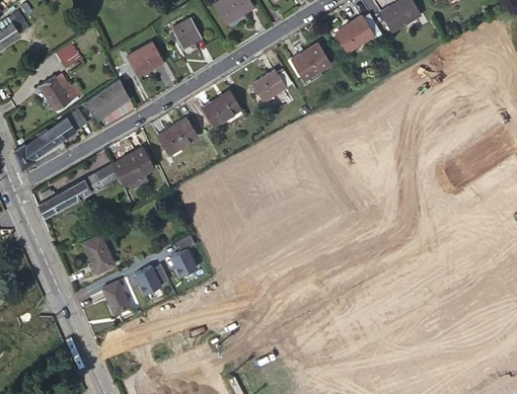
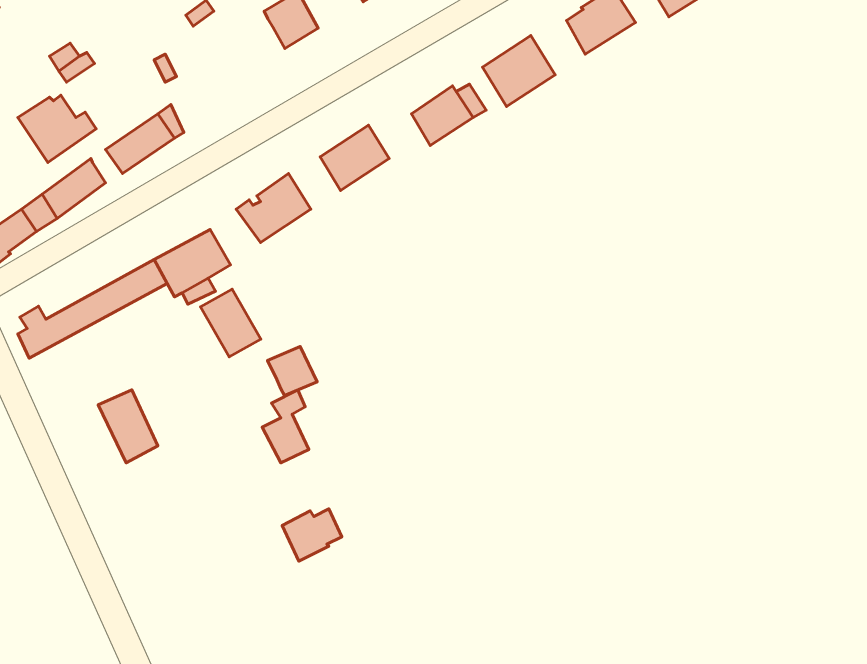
building: [127,43,163,76] -> none
building: none -> [201,289,261,357]
building: none -> [268,347,317,396]
building: [137,264,169,293] -> [282,509,342,561]
building: [102,282,131,315] -> none

